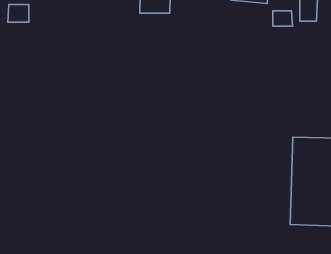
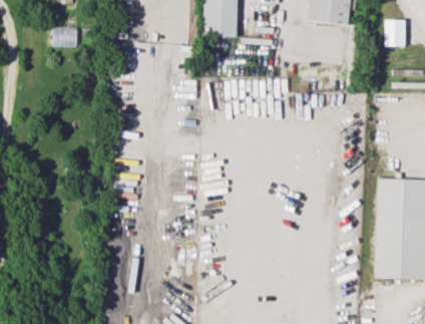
building: [273,11,292,26] -> none

